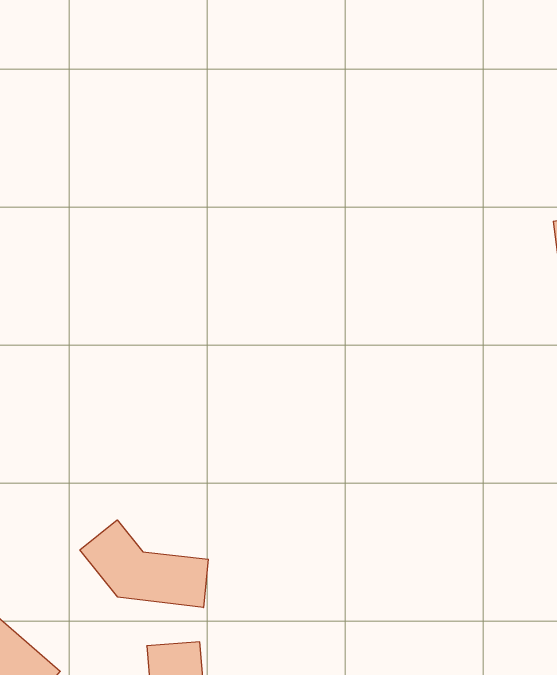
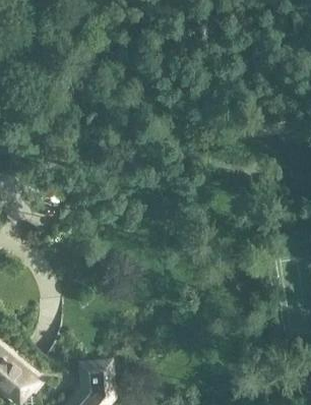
building: [80,520,208,608] -> none

